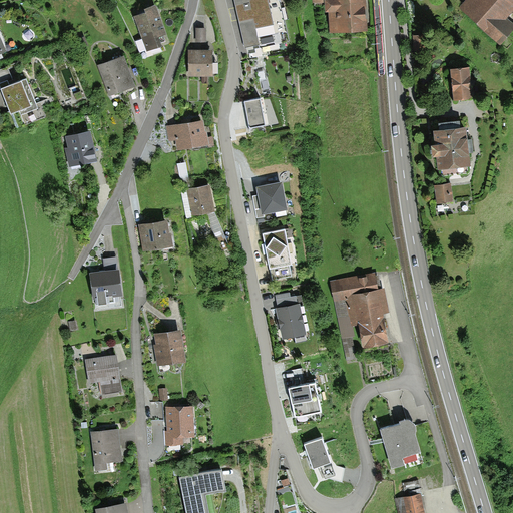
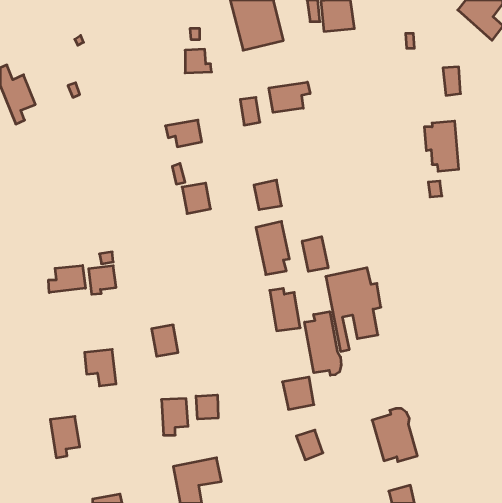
building: [134,8,162,50] -> none
building: [100,55,133,96] -> none
building: none -> [269,82,310,112]
building: [66,132,94,165] -> none
building: [140,220,170,250] -> none
building: none -> [302,237,328,271]
building: none -> [49,265,85,293]
building: none -> [305,312,341,375]
building: none -> [196,395,218,419]
building: [89,428,119,470] -> [50,416,80,458]

